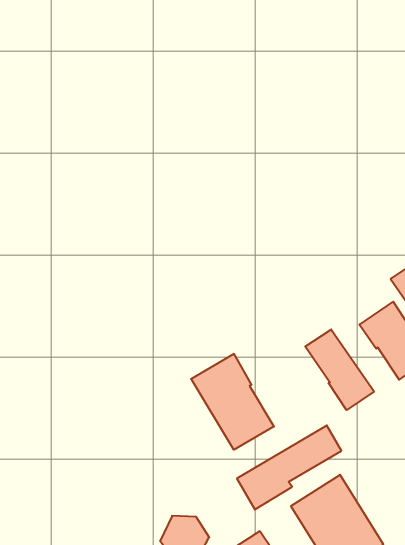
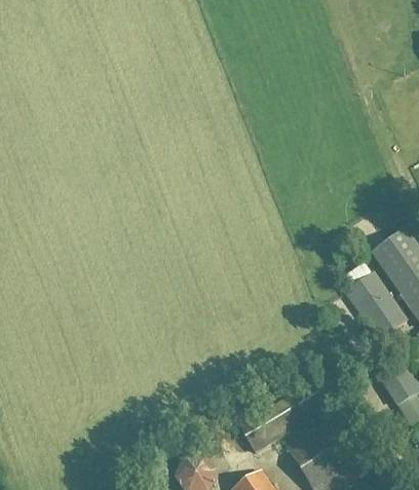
building: [305,329,374,410] -> none
building: [191,354,274,450] -> none

